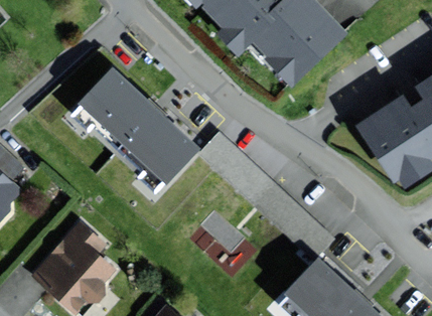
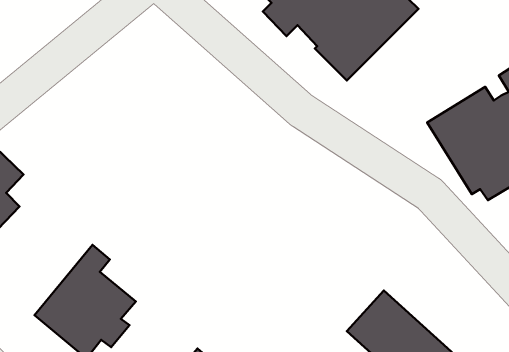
building: [82,69,198,182] -> none

